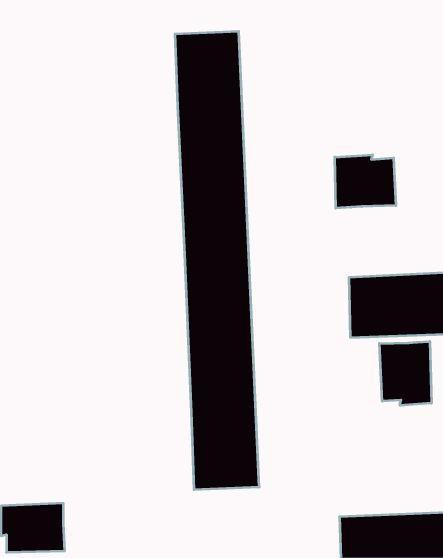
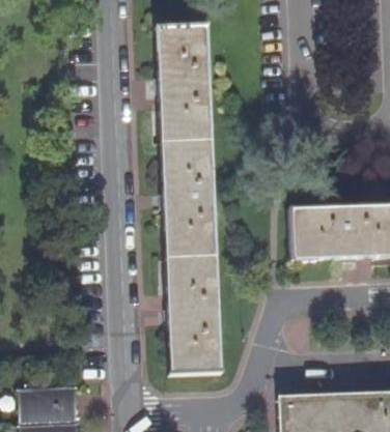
building: [335,155,396,208] -> none
building: [379,341,431,405] -> none

